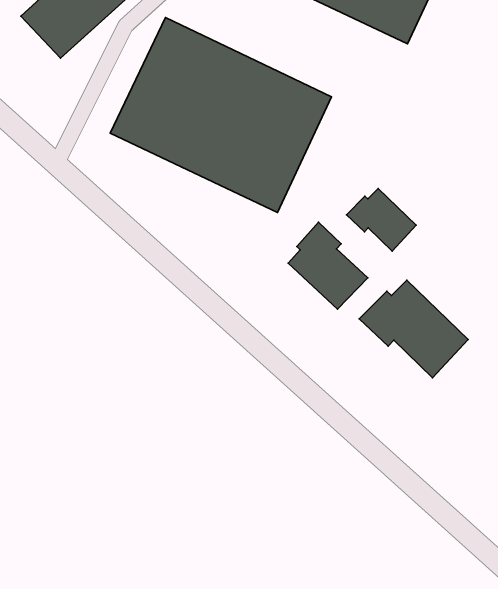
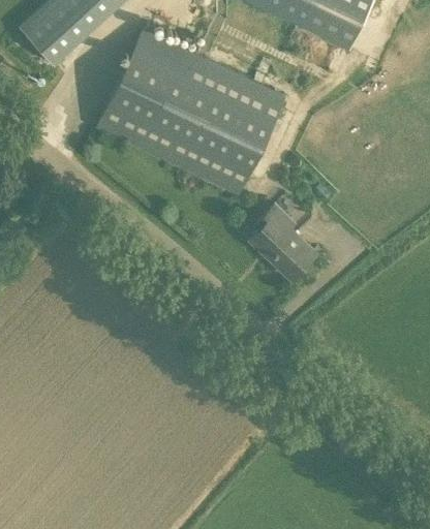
building: [346,188,416,251] -> none
building: [359,280,468,378] -> none

